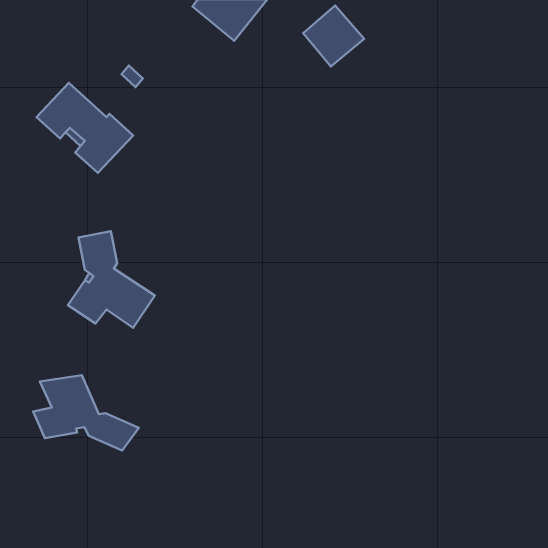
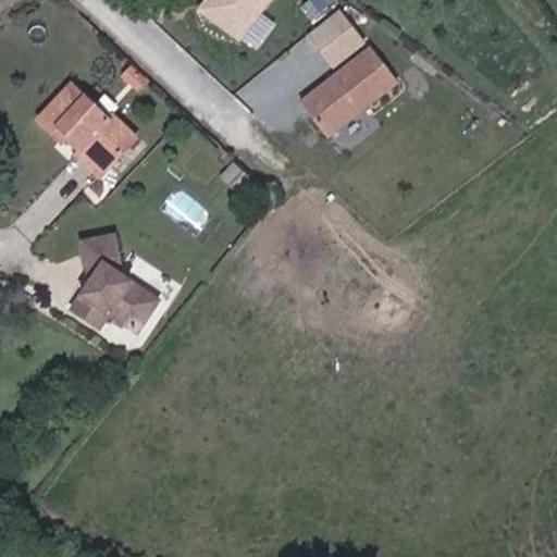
building: none -> [298,41,399,138]
building: [33,375,139,450] -> none

